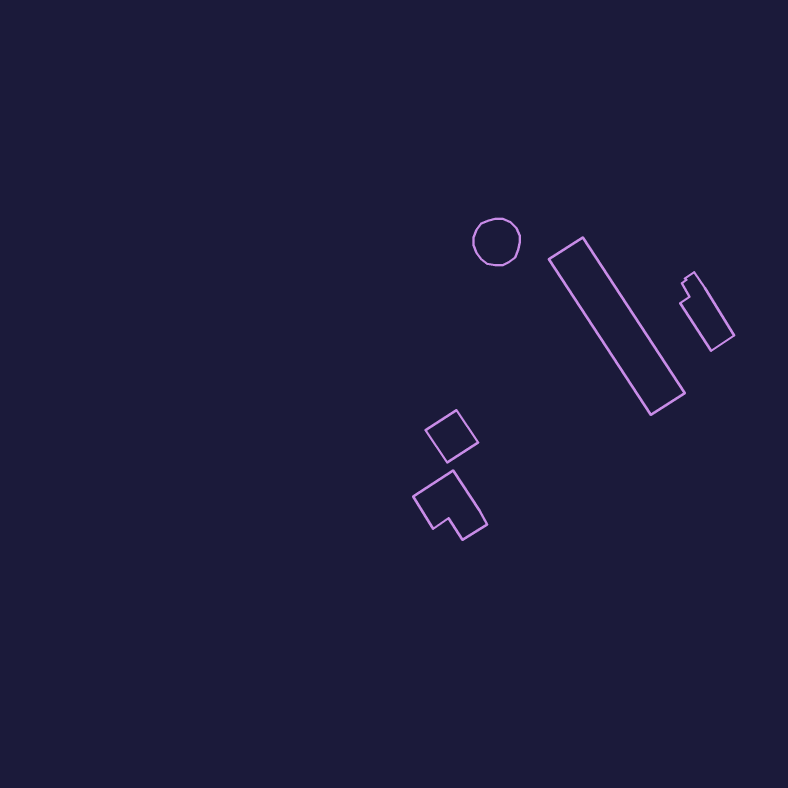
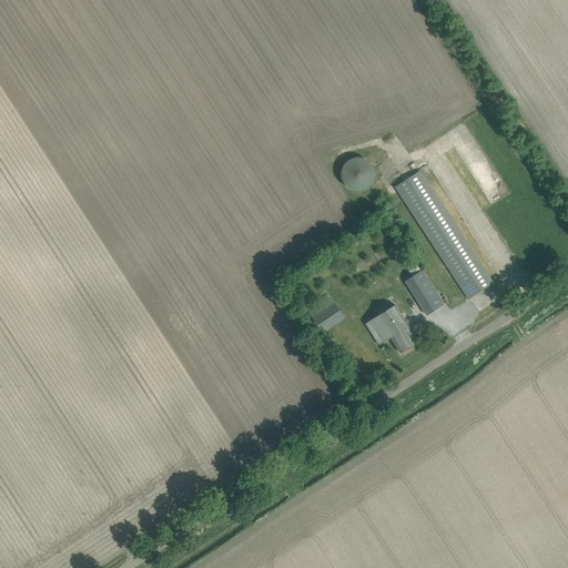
building: [680,272,734,351] -> [405,258,444,315]
building: [413,470,487,540] -> [365,303,418,353]

